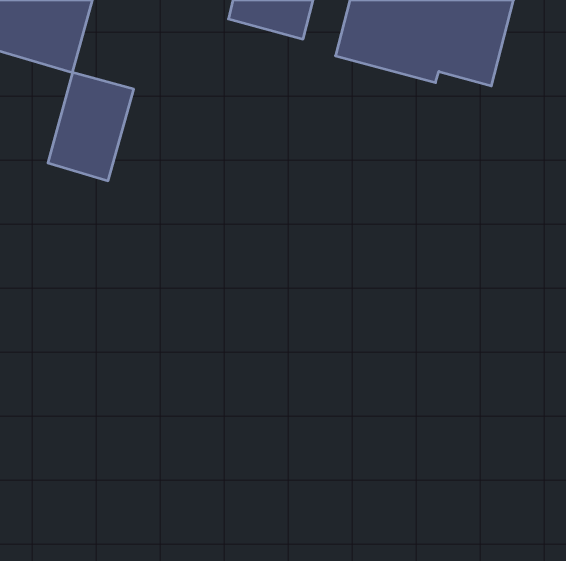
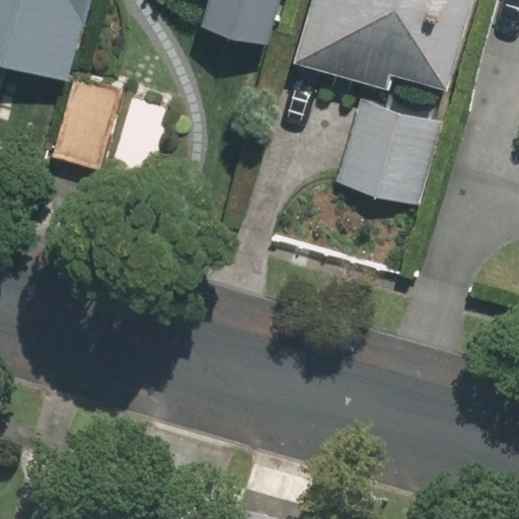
building: none -> [337,93,435,213]

